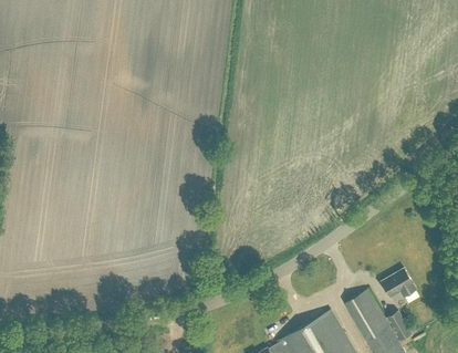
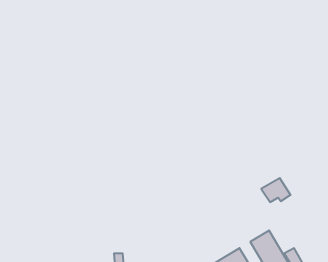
building: [381,269,417,299] -> [261,178,291,202]

